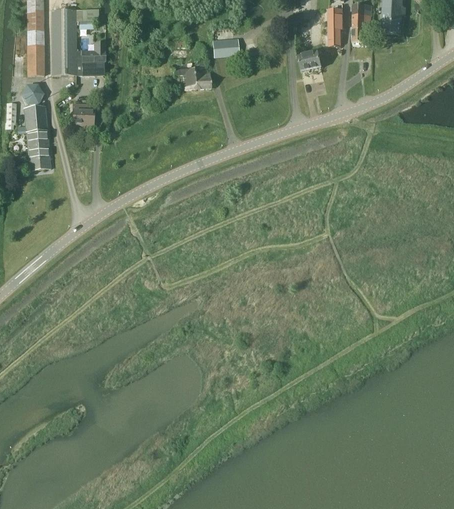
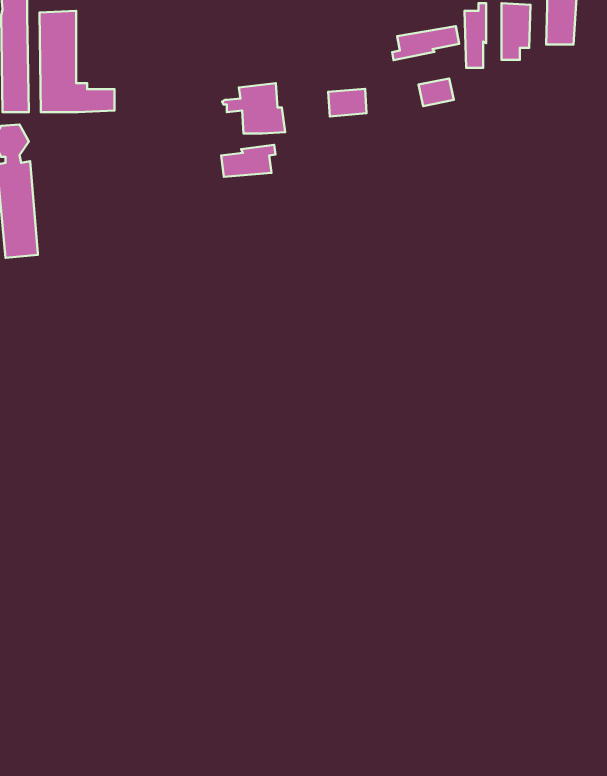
building: none -> [392,26,459,60]
building: [213,38,238,56] -> [328,89,367,116]
building: none -> [221,145,276,177]
building: [72,104,93,126] -> none

